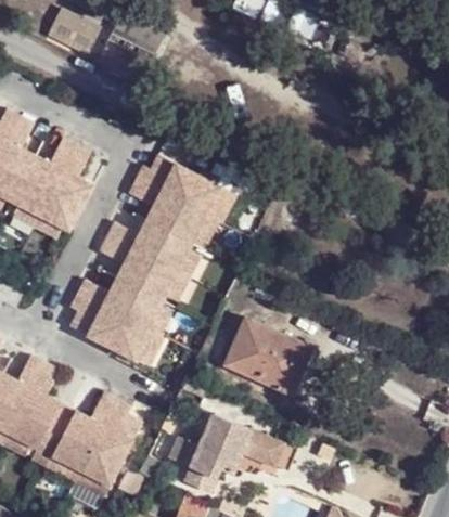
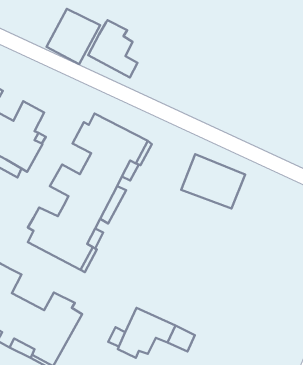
building: [49,12,100,52] -> none
building: none -> [88,20,138,78]
building: [224,320,310,392] -> [181,154,245,208]

